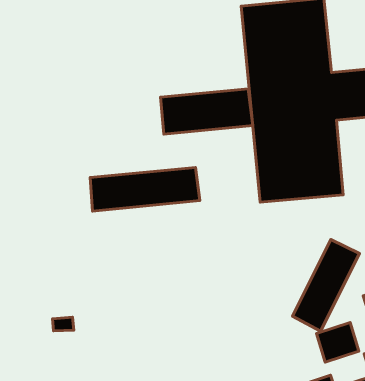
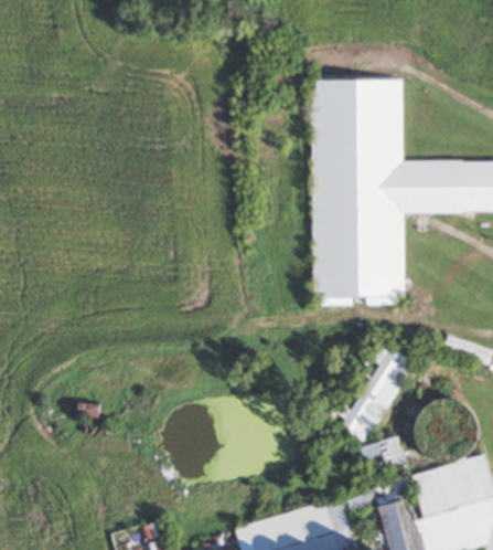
building: [161,89,253,134] -> none
building: [90,167,200,211] -> none

